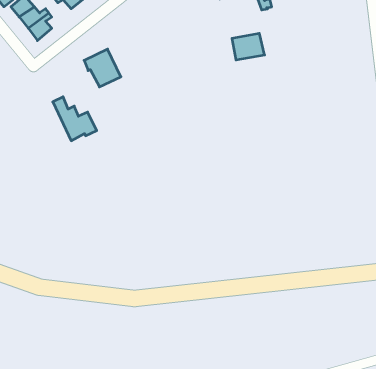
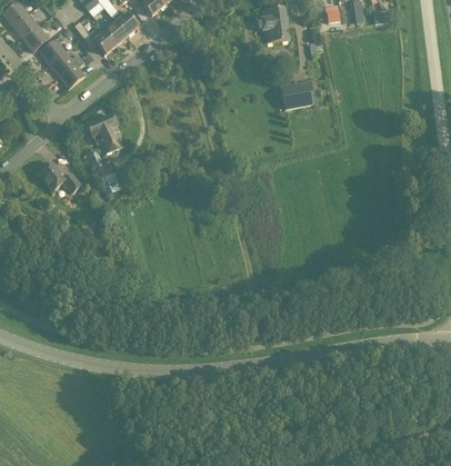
building: [84,49,121,87] -> [84,115,124,156]
building: none -> [37,162,79,191]

